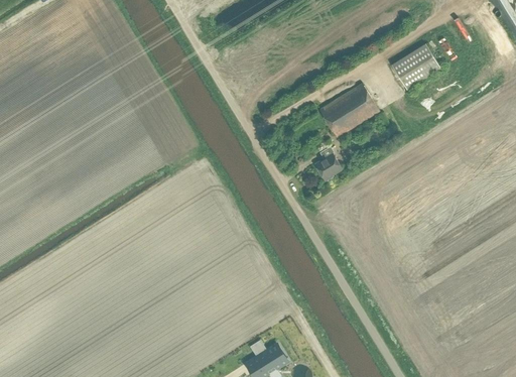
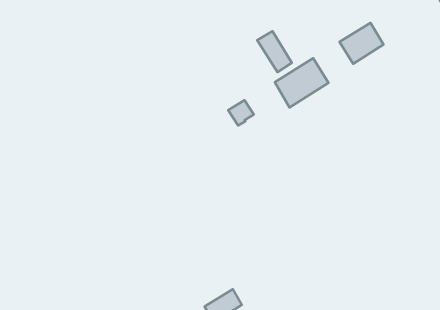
building: none -> [257,31,292,72]
building: [314,153,343,181] -> [228,100,254,126]

